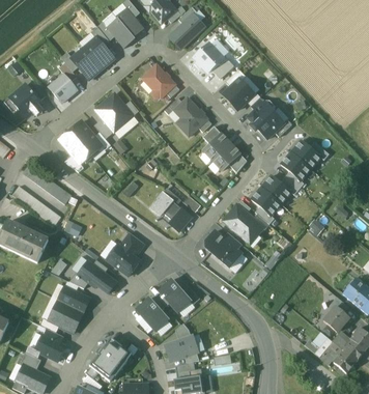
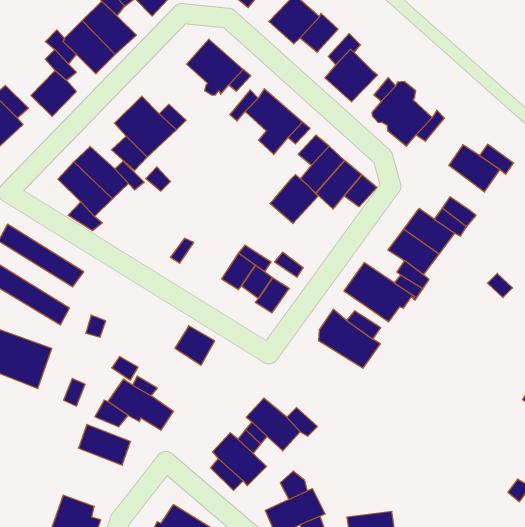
building: none -> [270,175,318,224]
building: [281,152,311,180] -> none
building: [107,245,140,277] -> none
building: [48,300,83,334] -> none

